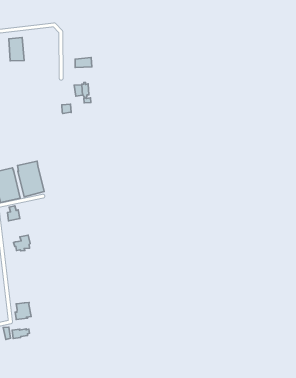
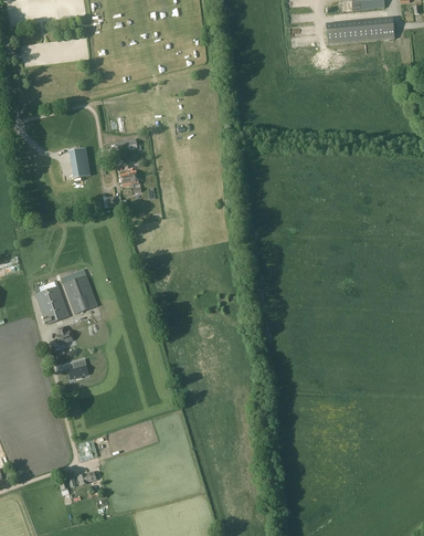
building: [9,37,24,61] -> [70,147,91,177]

